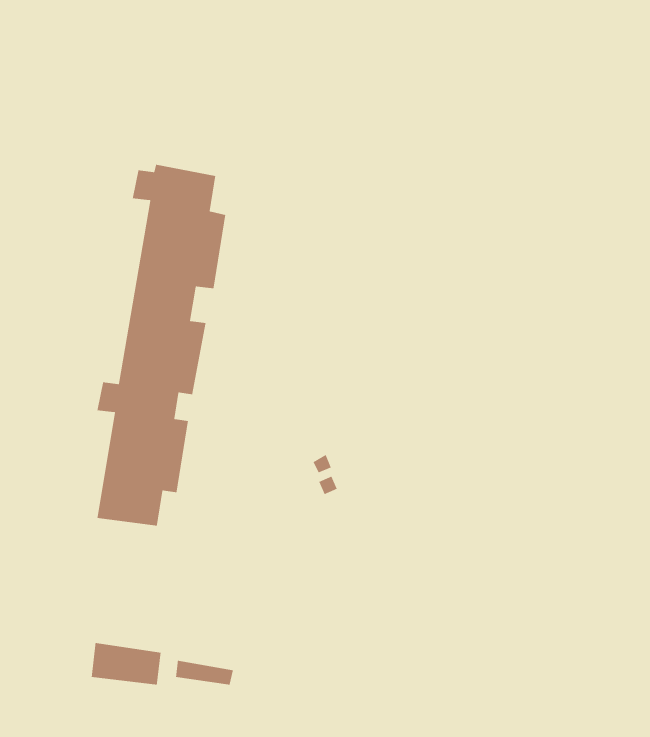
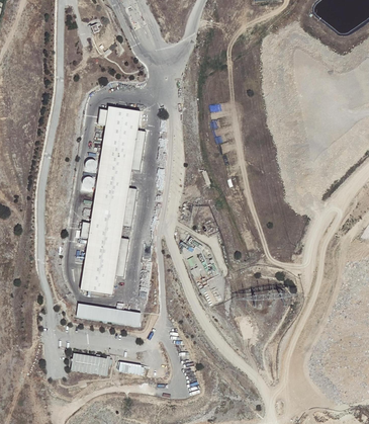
building: none -> [76,305,142,328]

